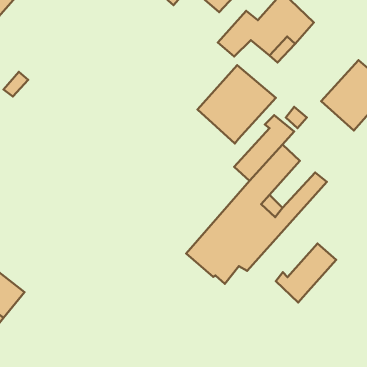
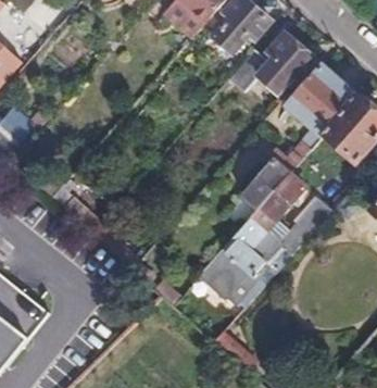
building: [197,65,276,144] -> [286,65,359,138]
building: [276,243,336,303] -> none

